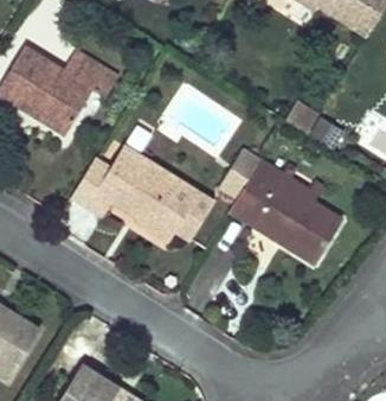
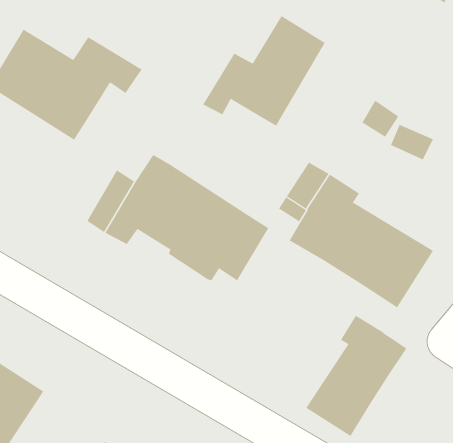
building: none -> [203,15,325,126]
building: none -> [306,315,407,437]

